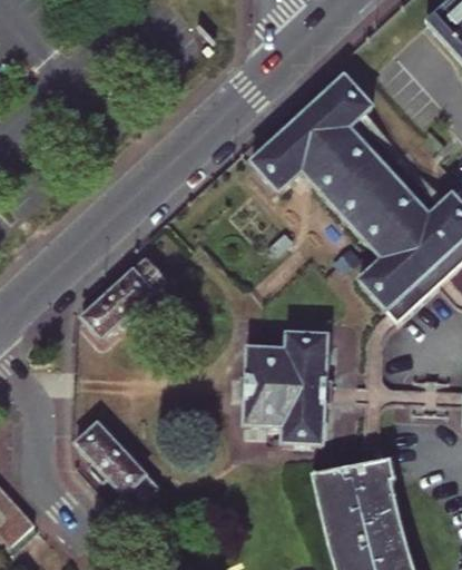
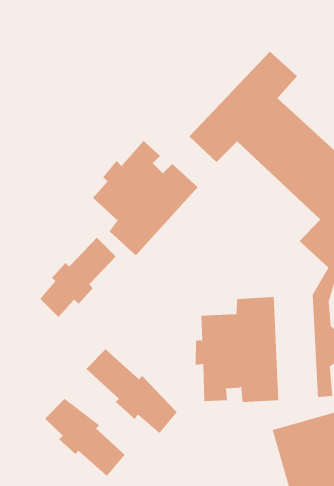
building: none -> [92,140,198,256]
building: none -> [86,349,177,435]

